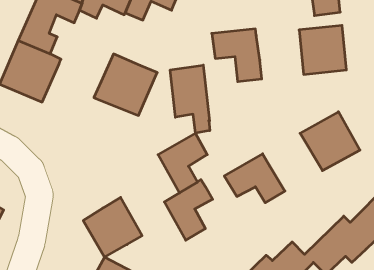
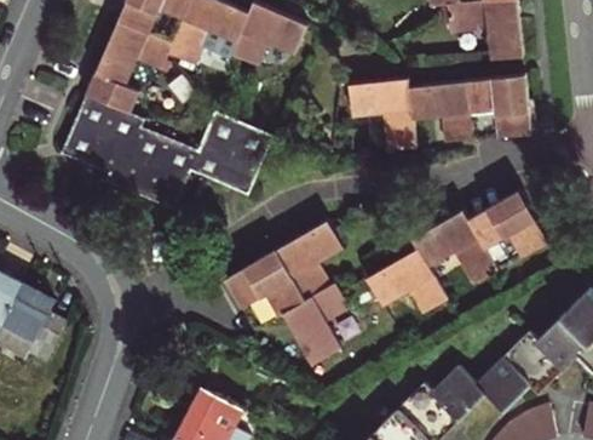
building: none -> [409,79,473,143]
building: none -> [116,125,198,210]
building: [170,65,210,133] -> none
building: none -> [413,210,499,286]
building: [83,197,142,257] -> [225,248,305,330]

